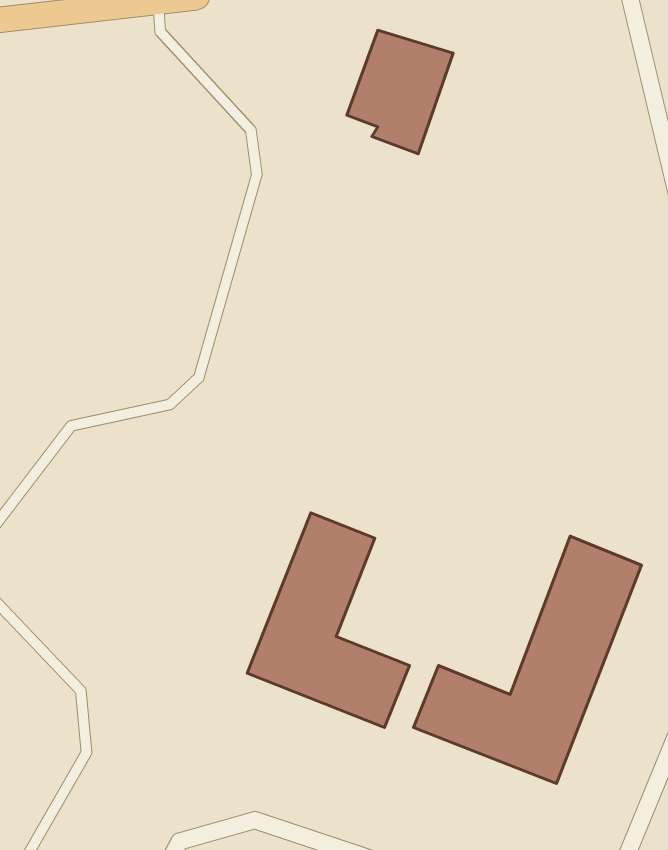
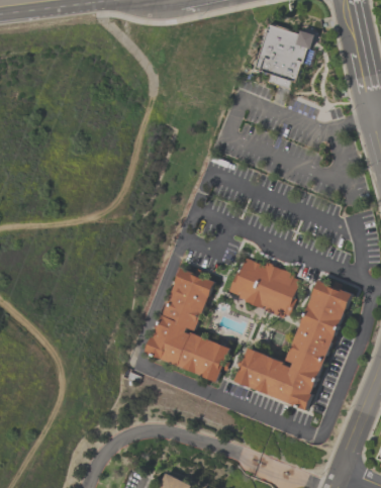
building: [347,30,453,154] -> [254,23,309,88]
building: none -> [229,257,297,317]

